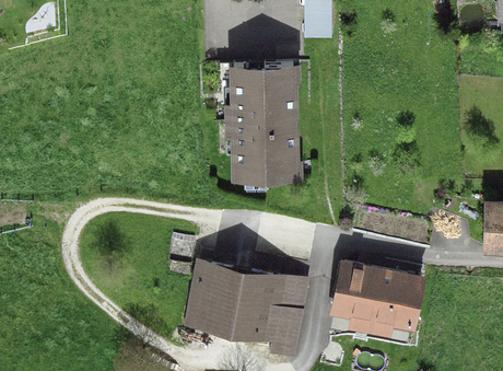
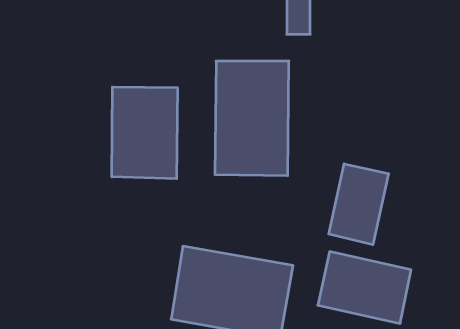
building: none -> [112,87,177,179]
building: none -> [329,164,389,245]

